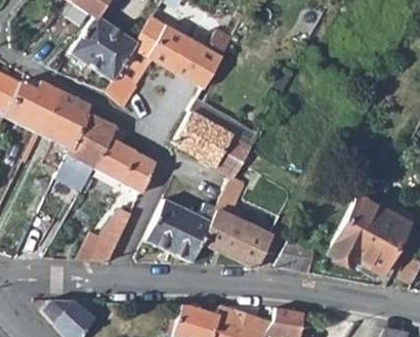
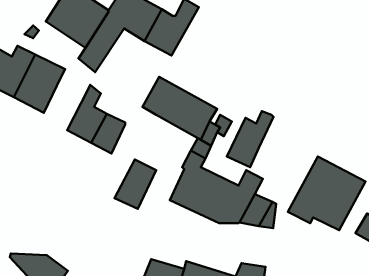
building: [55,112,115,191] -> none
building: [168,203,217,262] -> [227,111,273,167]
building: [78,209,131,260] -> none

